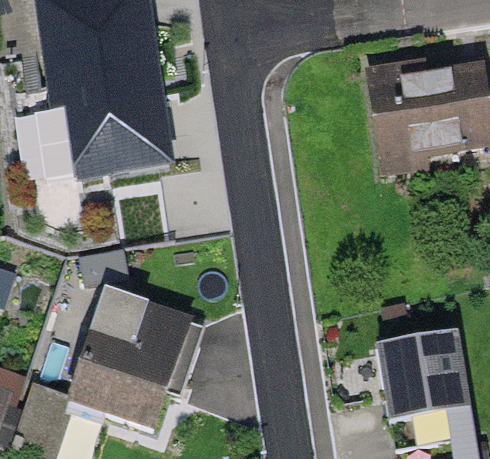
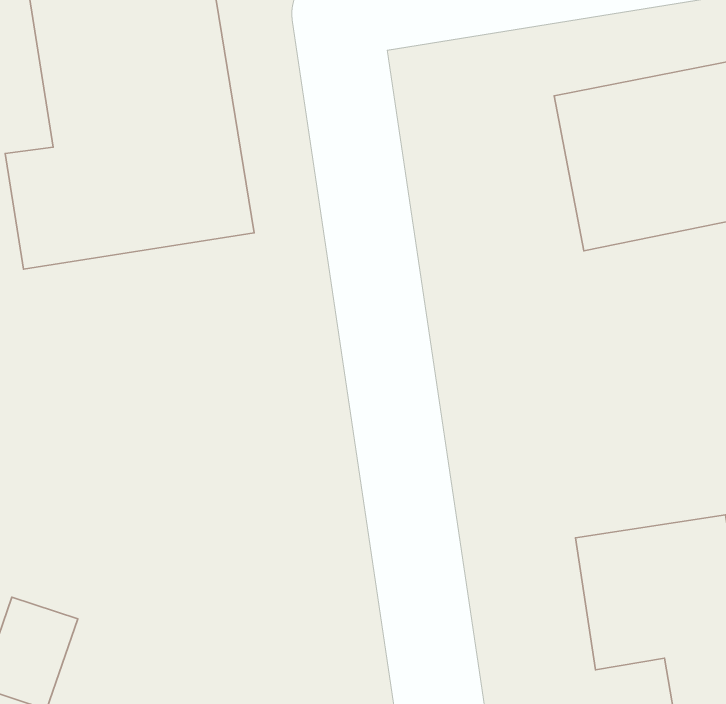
building: [68,305,206,421] -> none

